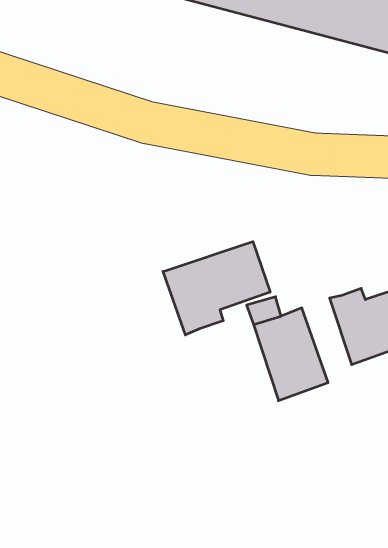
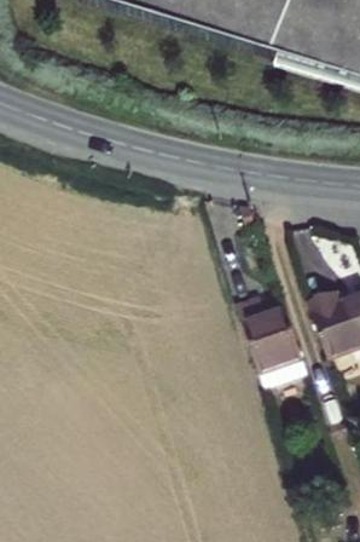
building: [163,242,270,335] -> none

